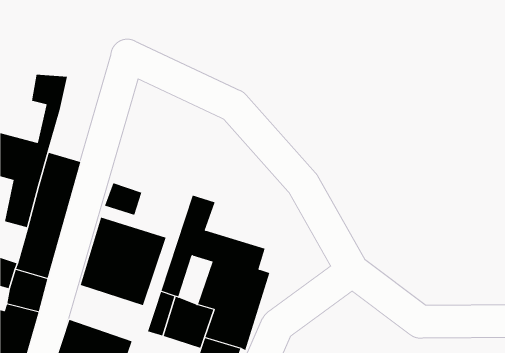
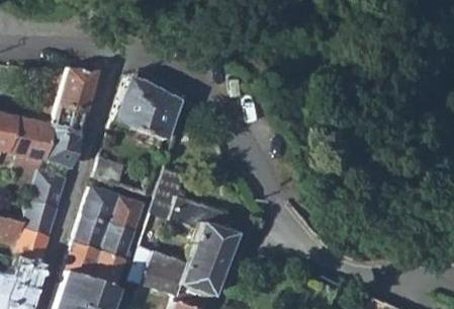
building: none -> [47,71,94,142]
building: none -> [111,79,177,141]
building: none -> [64,244,125,291]

